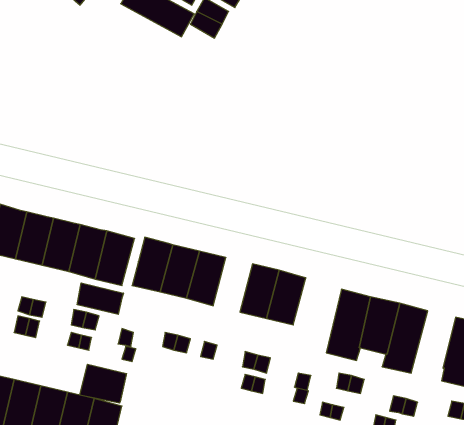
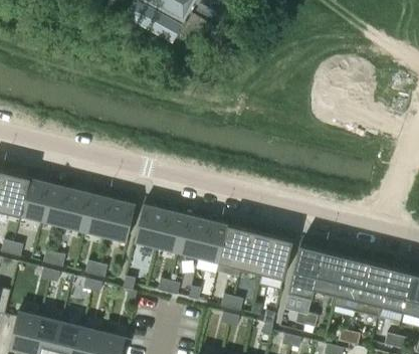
building: none -> [196,219,229,274]
building: none -> [261,235,292,278]
building: [77,283,123,314] -> none
building: none -> [355,261,390,317]
building: [80,364,127,403] -> none

